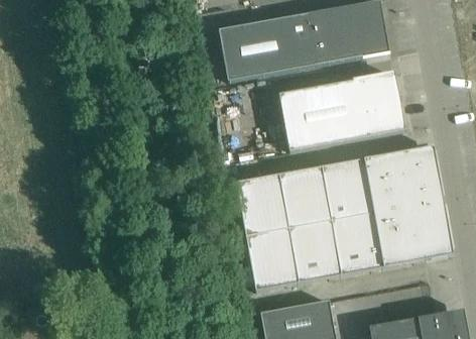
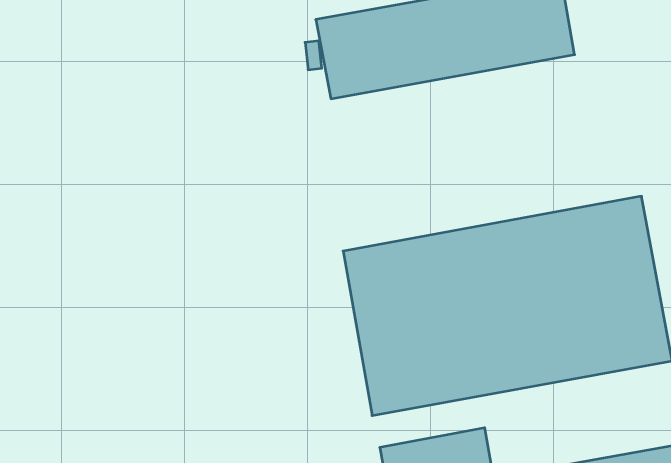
building: [278,73,405,150] -> none

